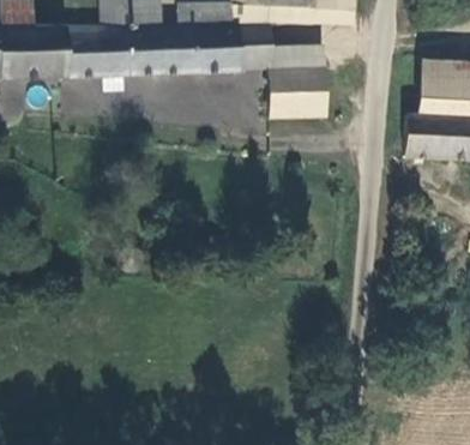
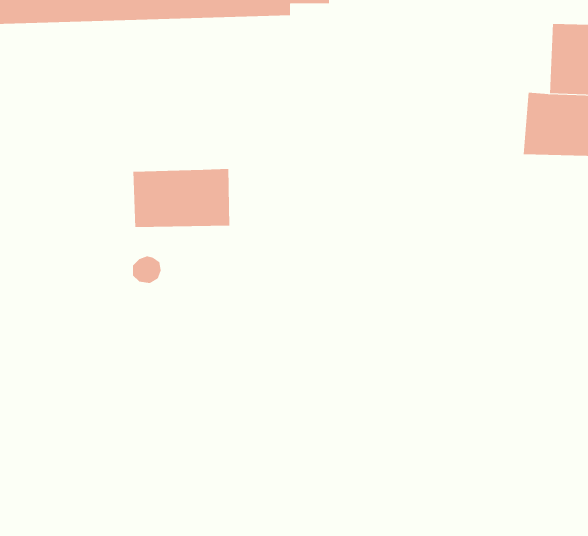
building: [269,58,324,108] -> none
building: none -> [133,168,230,228]

